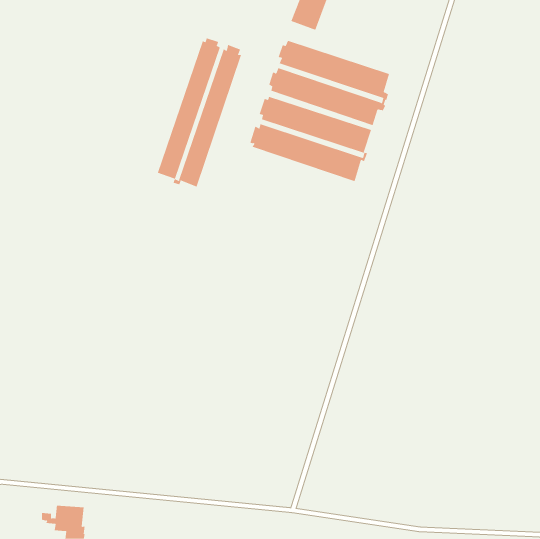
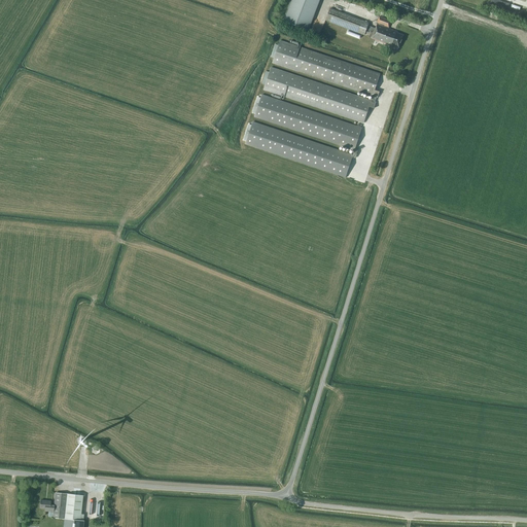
building: none -> [325,7,403,46]
building: [157,37,242,187] -> none

